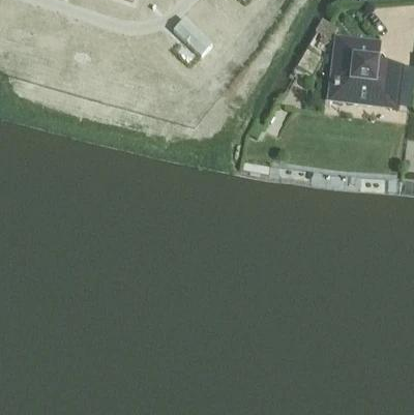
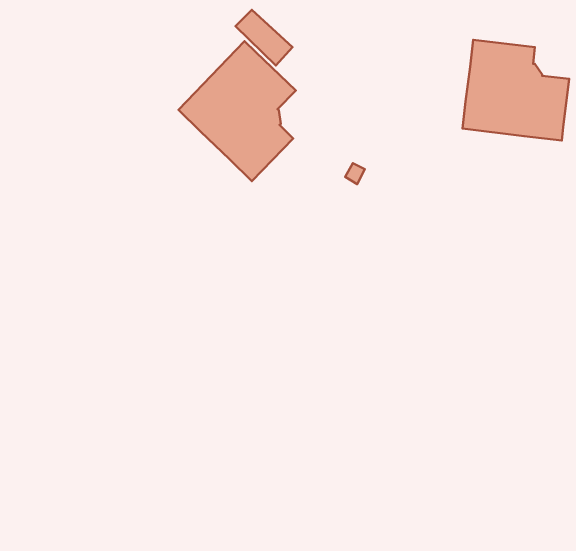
building: none -> [178,41,296,181]

